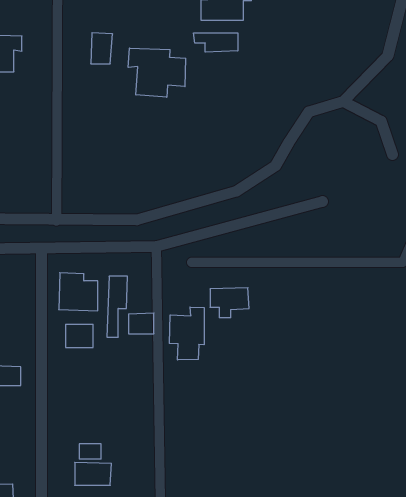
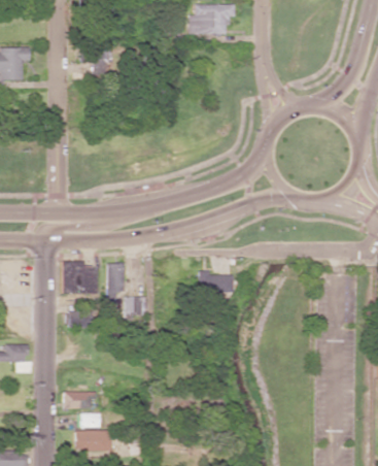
building: [194,33,238,52] -> none
building: [128,48,186,97] -> none
building: [169,307,204,360] -> none
building: none -> [65,391,97,408]

